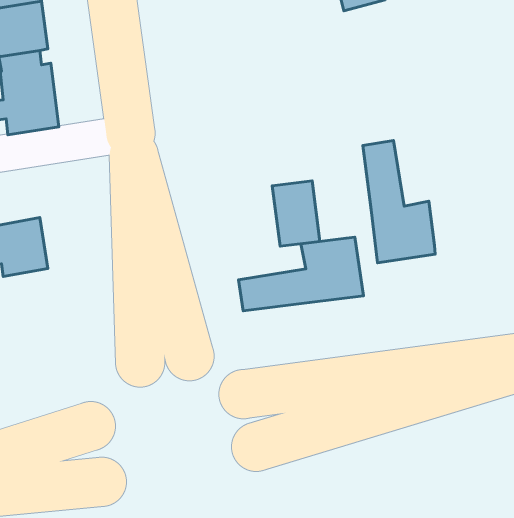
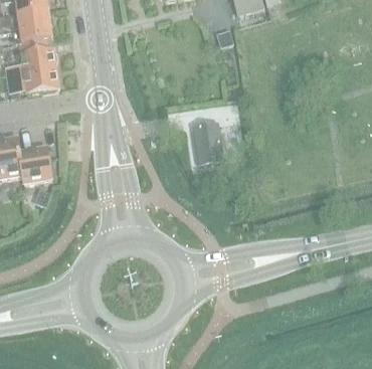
building: [363,141,435,263] -> none
building: [238,237,364,311] -> none

